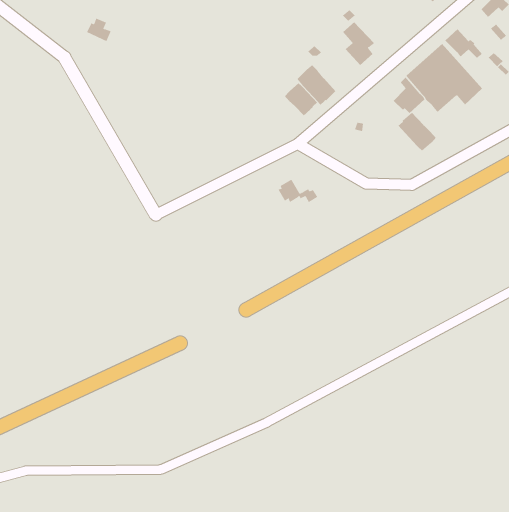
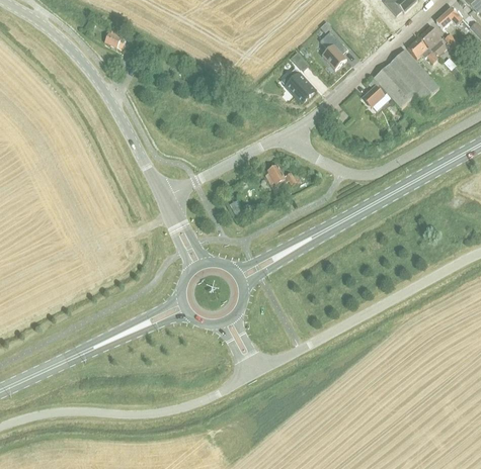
building: none -> [418,25,446,56]
building: [284,83,318,116] -> none
building: [397,112,437,151] -> none

